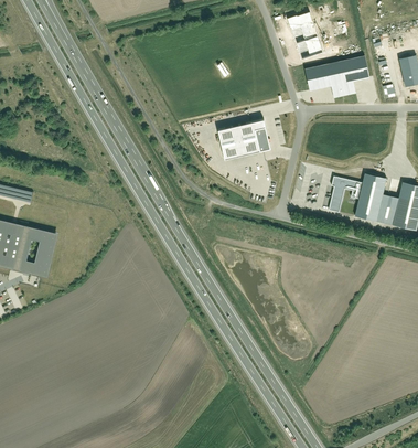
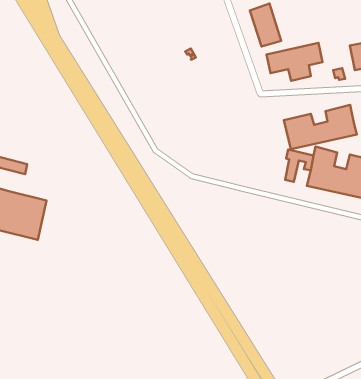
building: [217,118,269,158] -> none
building: none -> [284,105,357,149]

